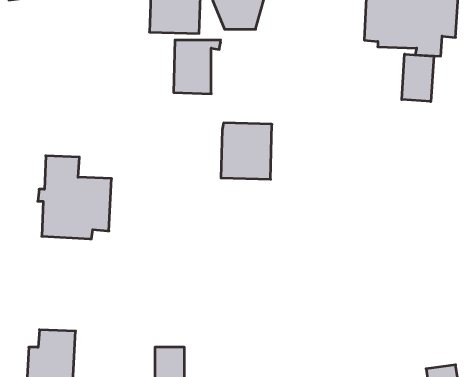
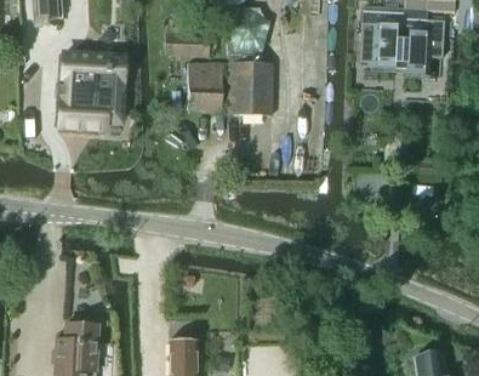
building: [402,54,434,102] -> none
building: [221,123,272,179] -> [228,64,274,115]
building: [38,156,112,239] -> [57,55,124,130]

